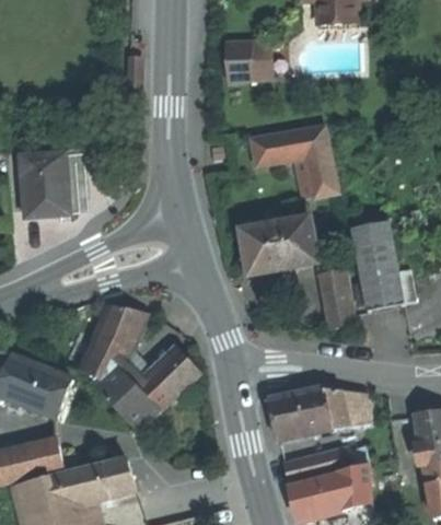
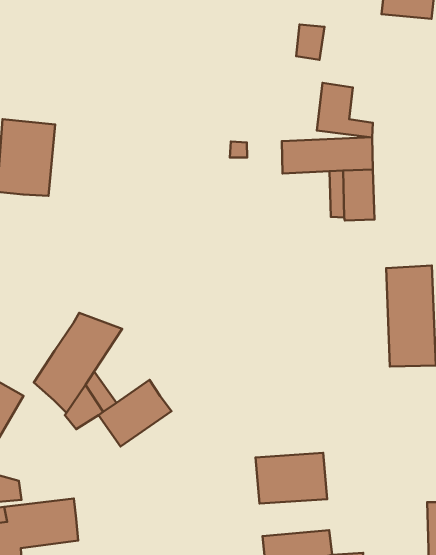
building: [225,40,272,80] -> [317,83,373,137]
building: [241,215,315,272] -> none
building: [317,267,353,326] -> none
building: [90,377,156,428] -> none
building: [323,387,371,427] -> none

